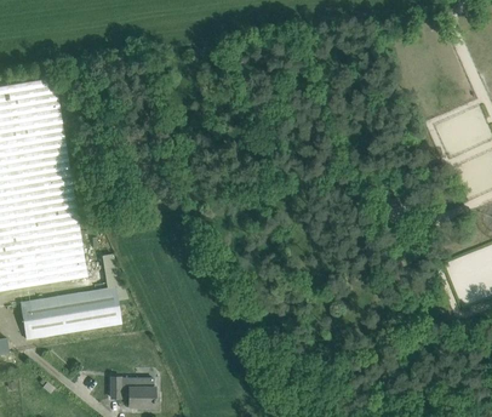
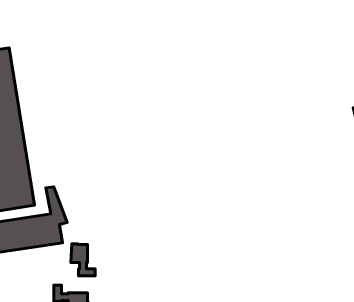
building: none -> [71,244,95,276]

